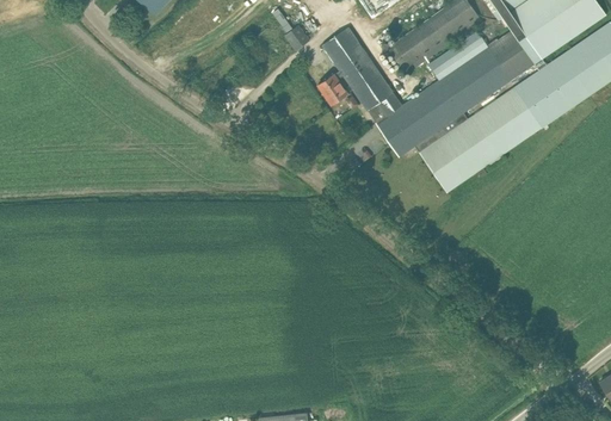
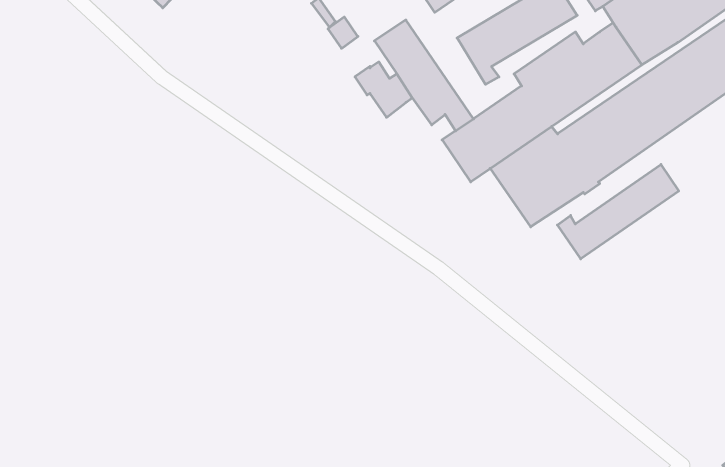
building: none -> [557,164,679,259]

